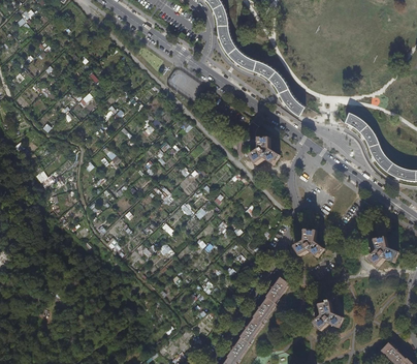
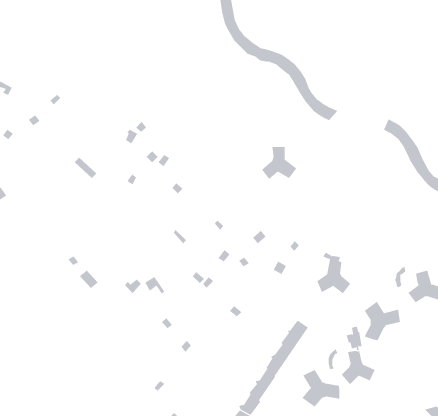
building: none -> [364,301,400,341]
building: none -> [301,369,340,407]

